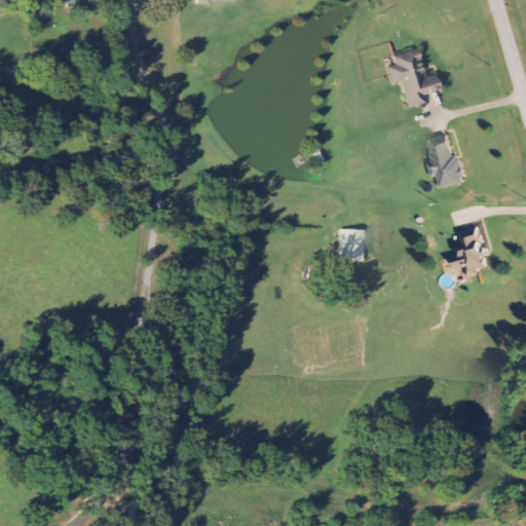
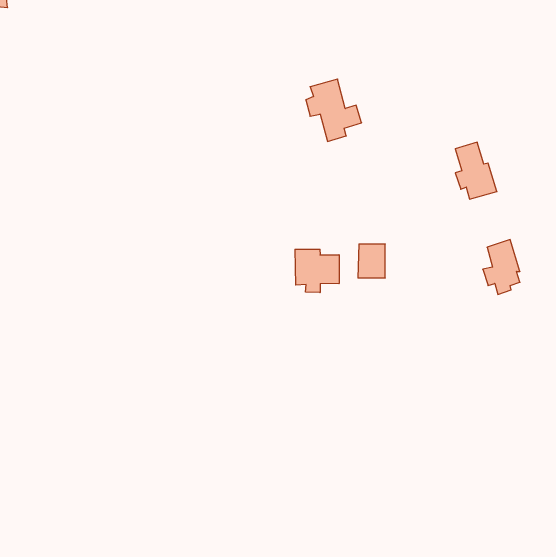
building: [386,48,439,107] -> [306,79,362,141]
building: none -> [295,249,339,293]

